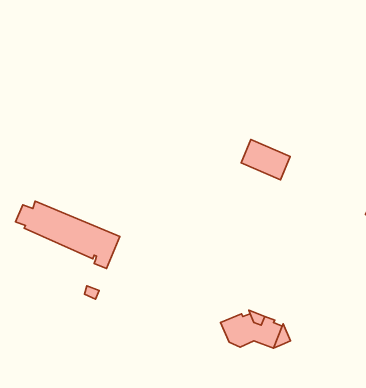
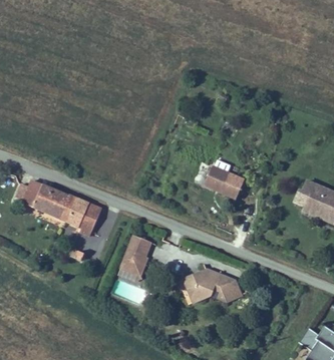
building: [241,139,290,180] -> [204,165,244,199]
building: none -> [120,234,151,275]

